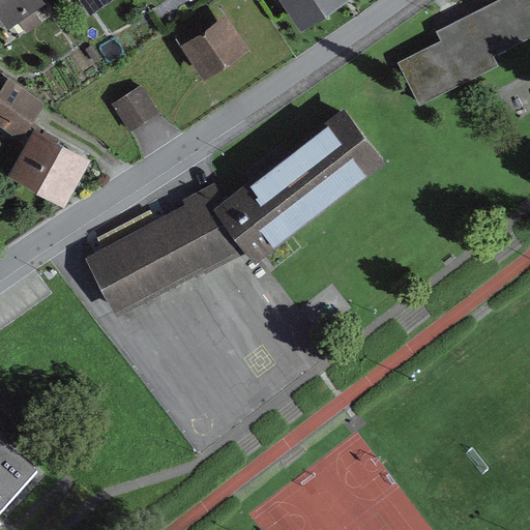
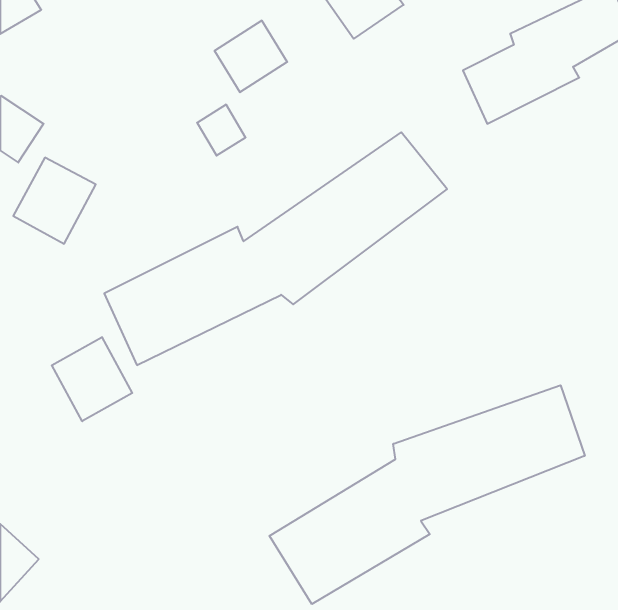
building: [112,90,153,134] -> [197,105,246,156]
building: none -> [52,337,132,421]
building: none -> [269,385,585,604]

